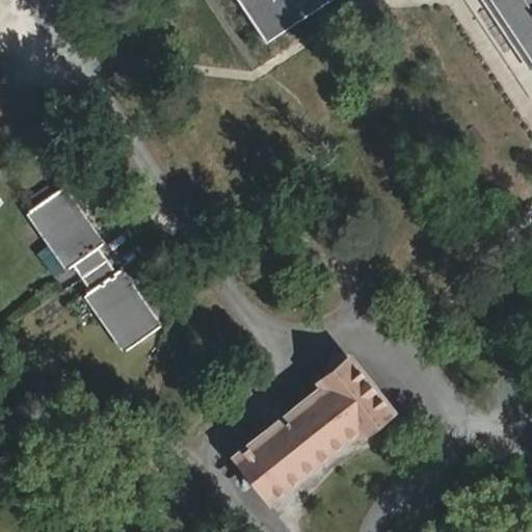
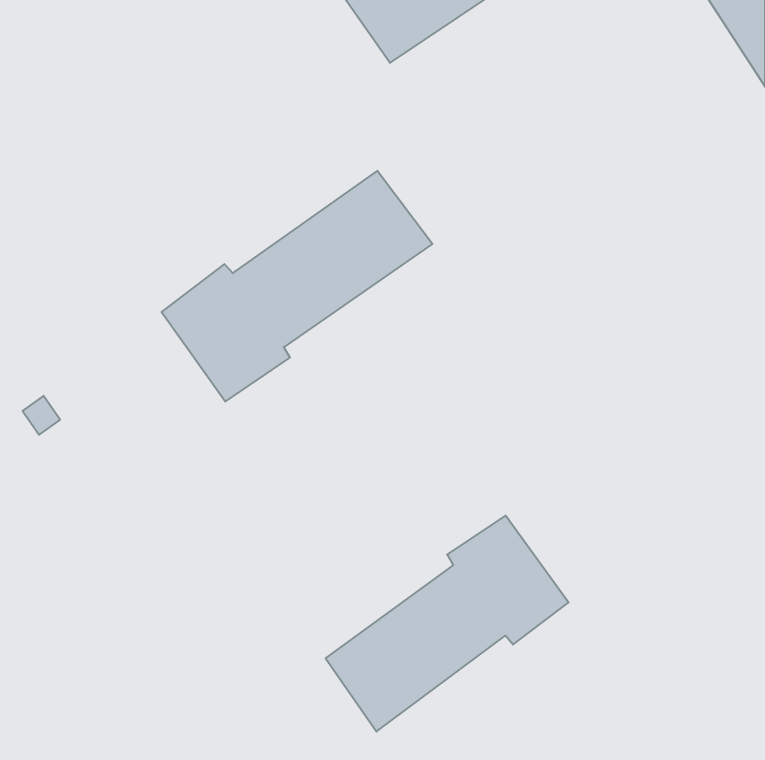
building: none -> [162,171,432,402]
building: [29,191,165,354] -> none

